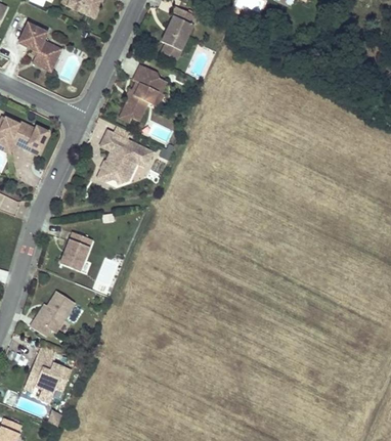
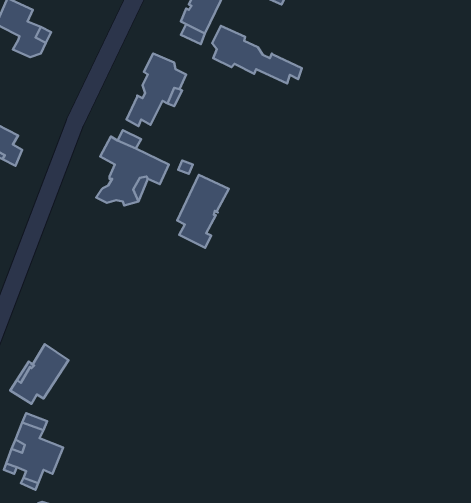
building: none -> [212,26,302,83]
building: none -> [177,175,229,248]
building: [59,231,92,270] -> none

